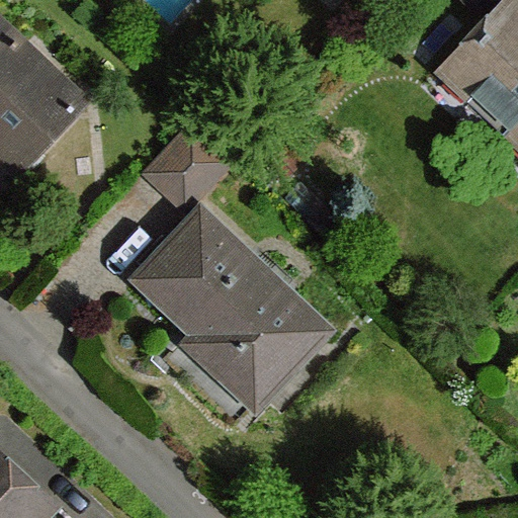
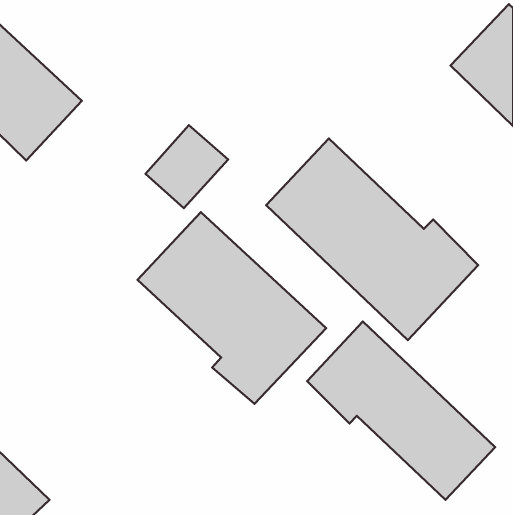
building: none -> [266,139,478,340]
building: none -> [307,321,495,500]

